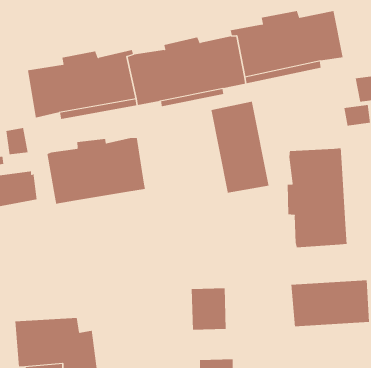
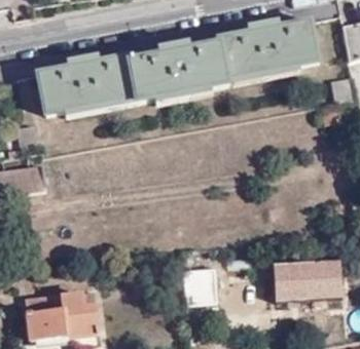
building: [211,101,269,194] -> none
building: [47,137,146,204] -> none
building: [287,148,347,248] -> none

